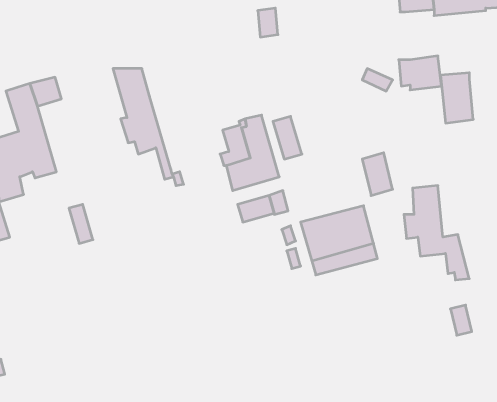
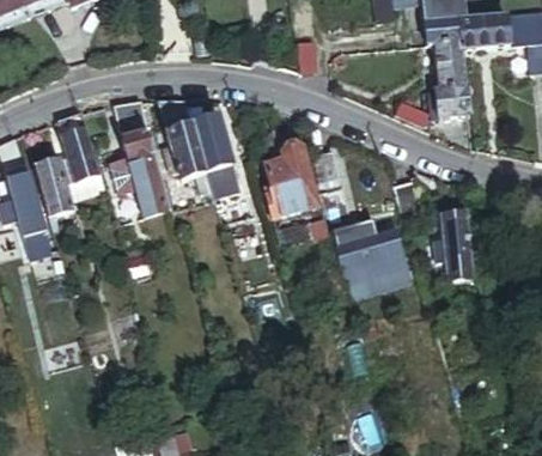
building: none -> [114,99,172,214]
building: [440,73,473,123] -> [436,41,467,89]
building: none -> [193,116,237,193]

